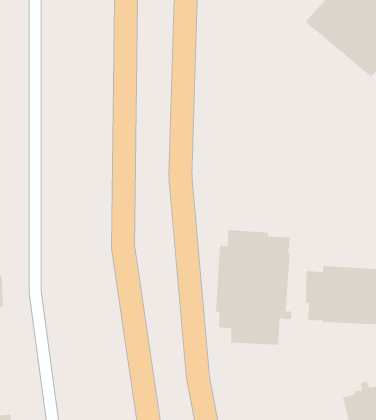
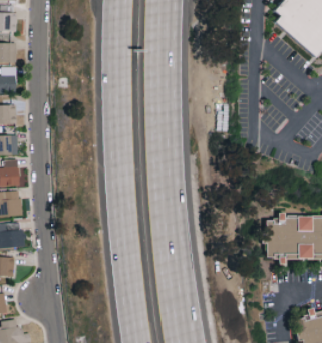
building: [216,229,292,346] -> none

